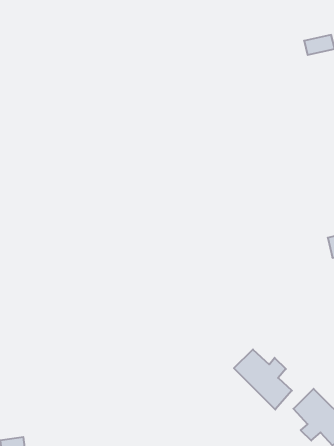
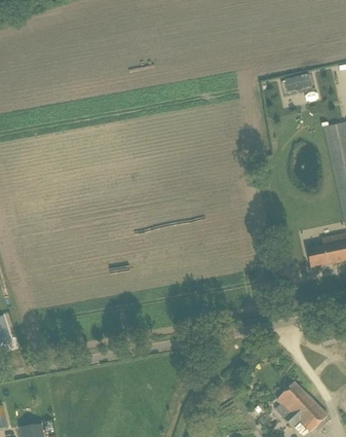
building: [234,349,292,410] -> none

